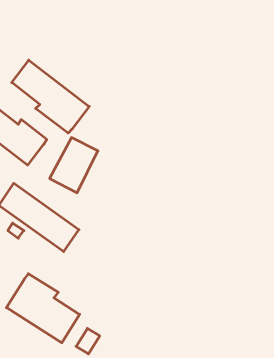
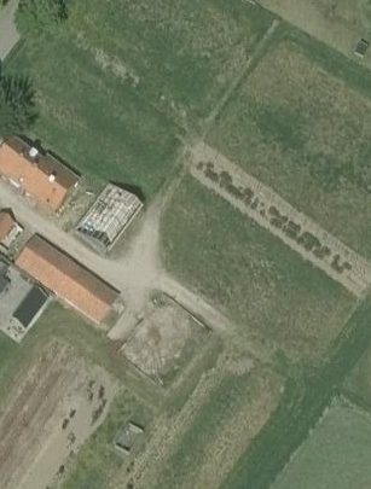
building: [12,60,89,133] -> none
building: [6,274,80,343] -> none

